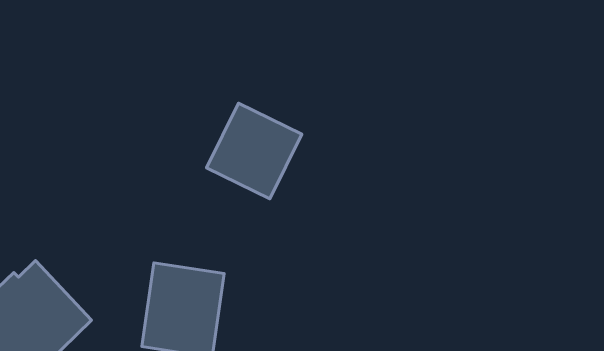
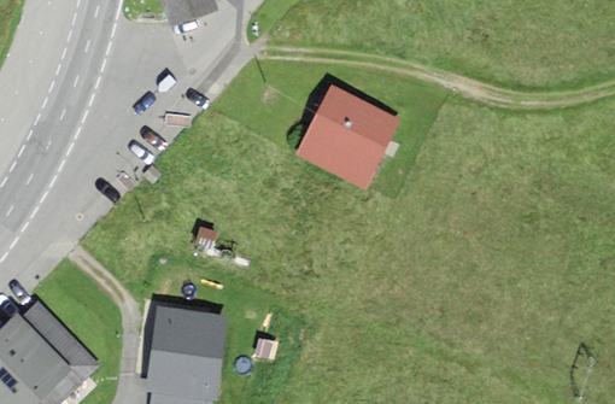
building: [206,103,302,199] -> [300,87,397,183]

